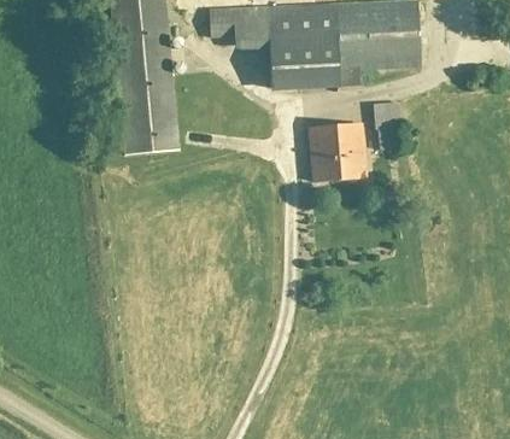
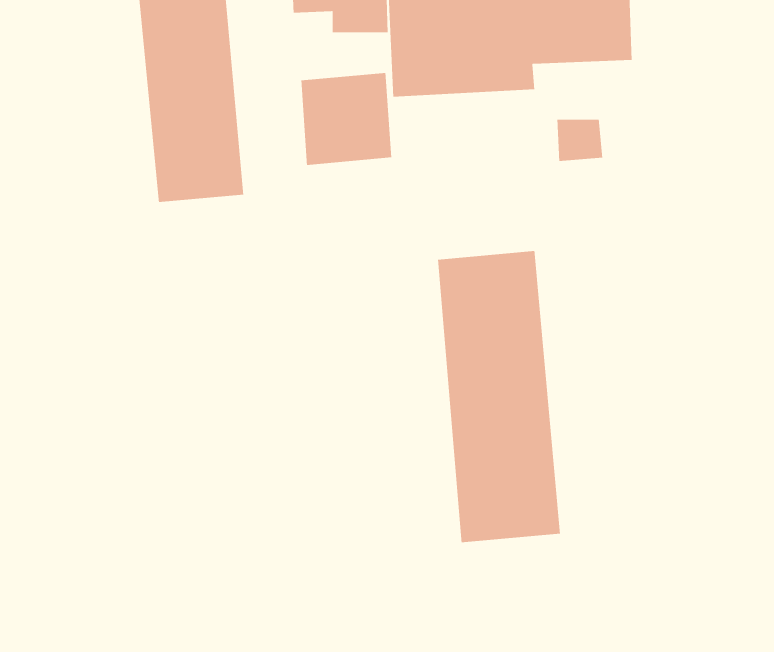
building: [309,121,365,178] -> [300,72,392,166]
building: none -> [437,250,561,543]

